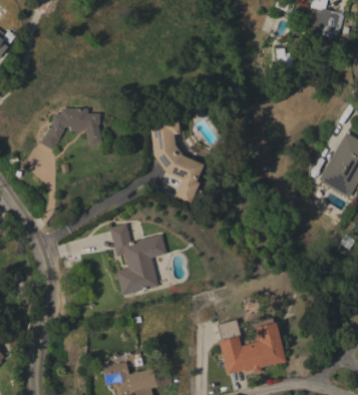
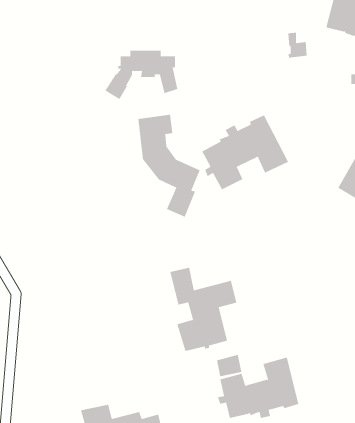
building: [40,108,102,150] -> [104,50,178,100]
building: none -> [202,115,289,190]
building: [110,224,167,295] -> [169,267,237,352]

